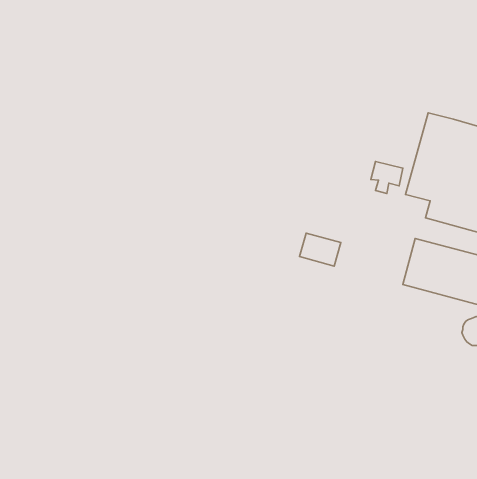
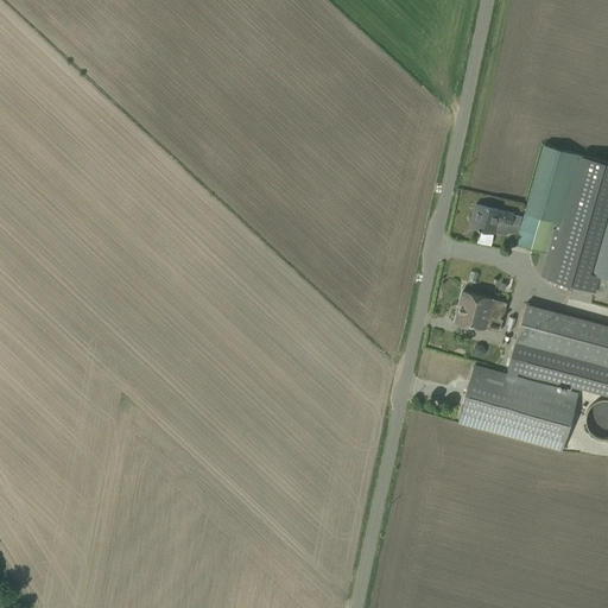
building: [299,233,341,266] -> [457,292,509,334]
building: none -> [460,365,580,451]

